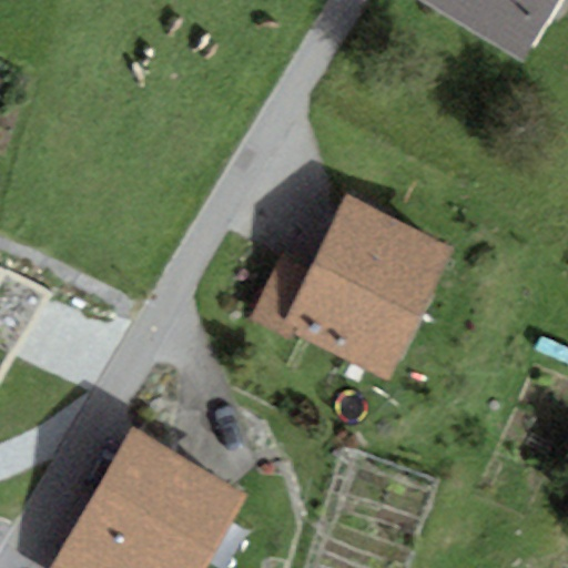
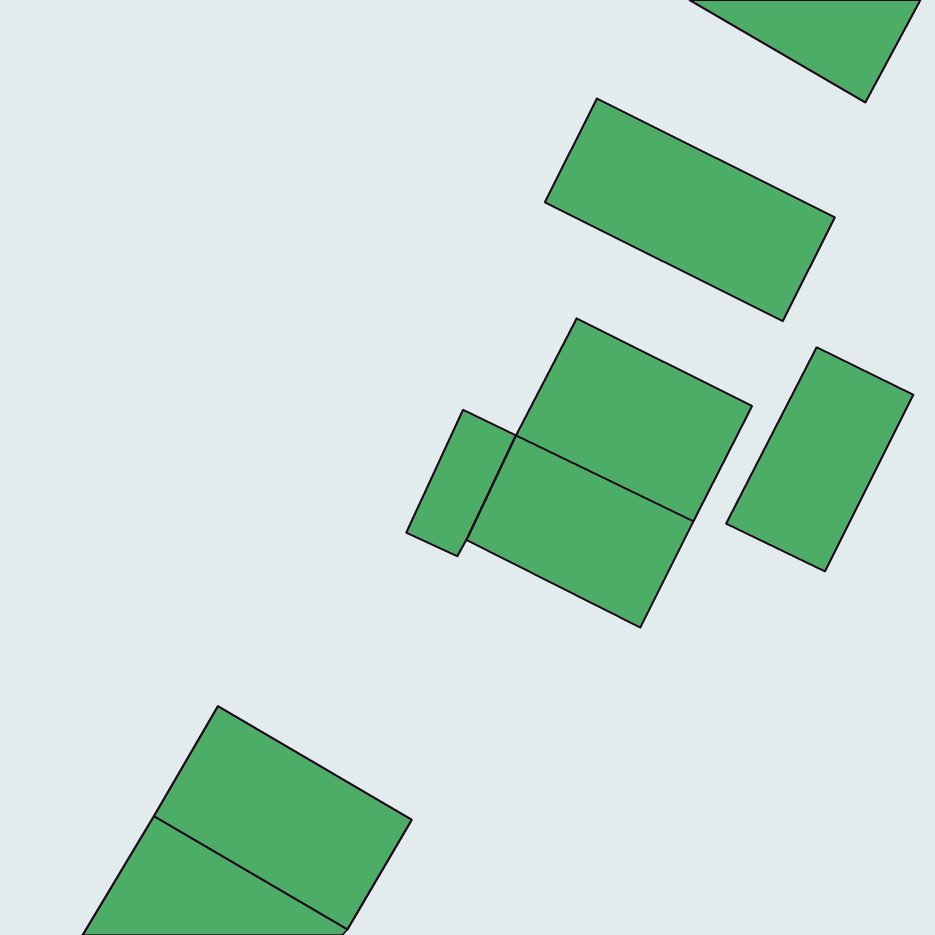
building: none -> [545,98,835,321]
building: none -> [726,347,913,571]

